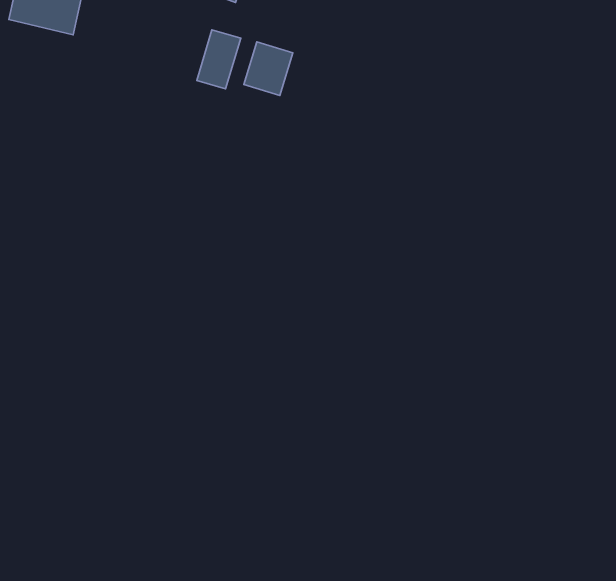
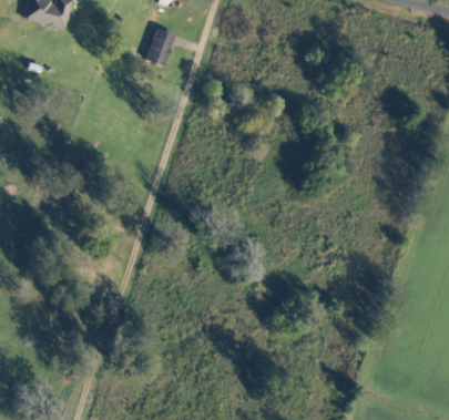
building: [244,42,293,95] -> none

